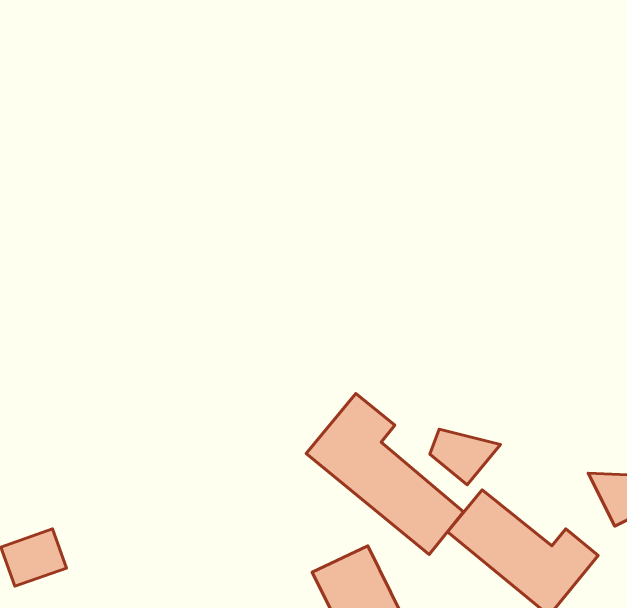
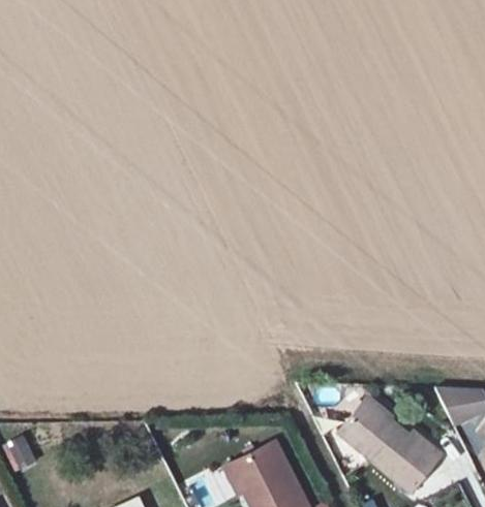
building: [306,393,463,554] -> none
building: [430,429,501,485] -> none

